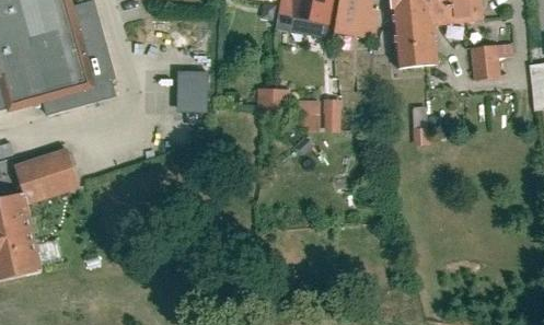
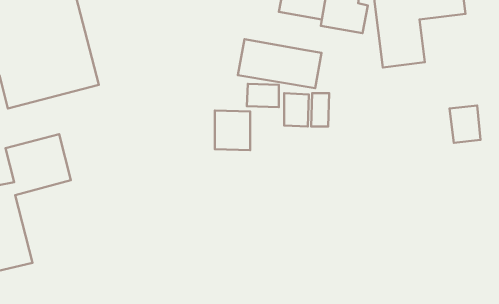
building: none -> [238,39,321,88]
building: [470,44,501,82] -> [449,105,481,143]
building: [173,72,209,113] -> [215,111,250,150]

